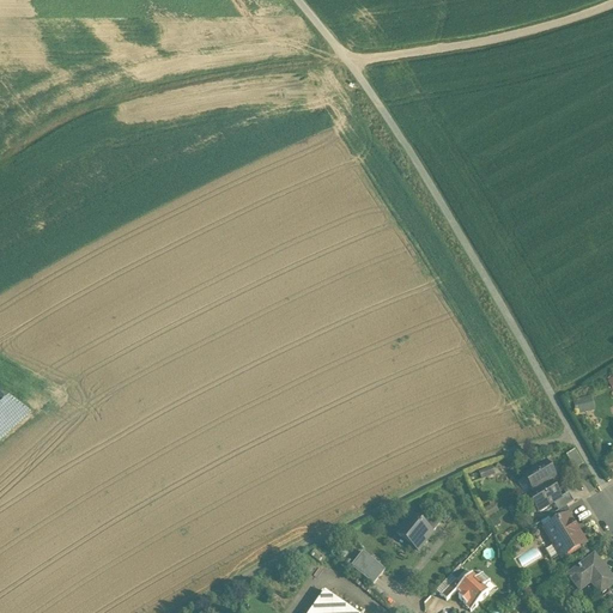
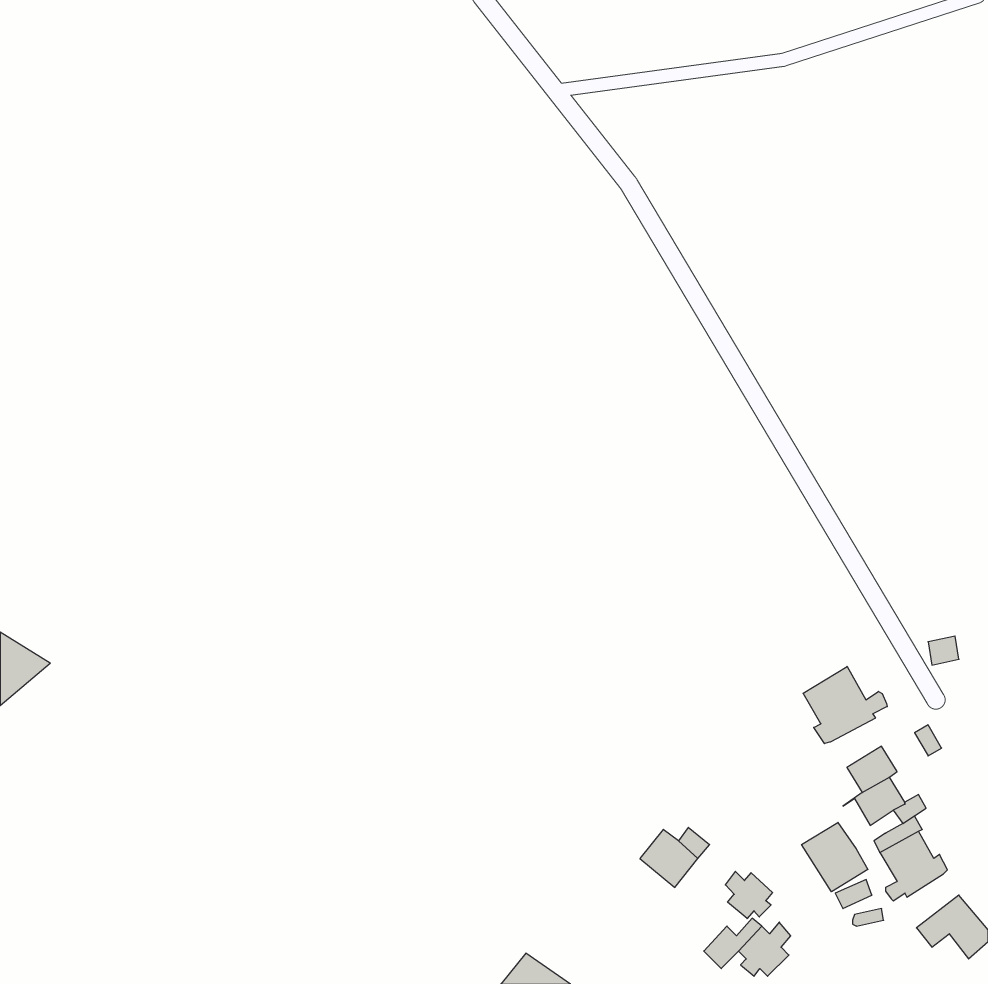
building: none -> [803,666,887,744]
building: none -> [802,822,868,892]
building: none -> [725,871,773,919]
building: [351,551,386,584] -> none

